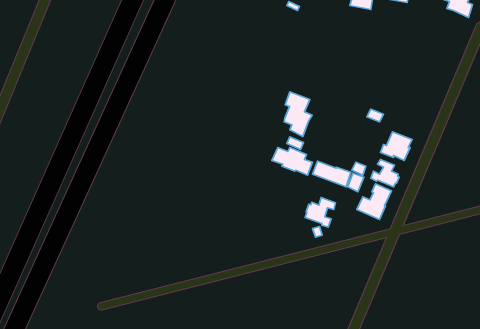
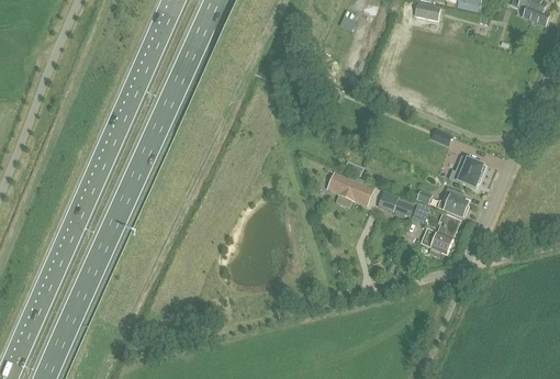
building: [284,92,312,136] -> none
building: [305,198,336,227] -> none

